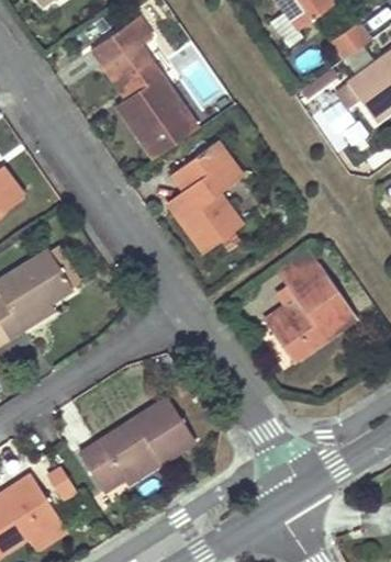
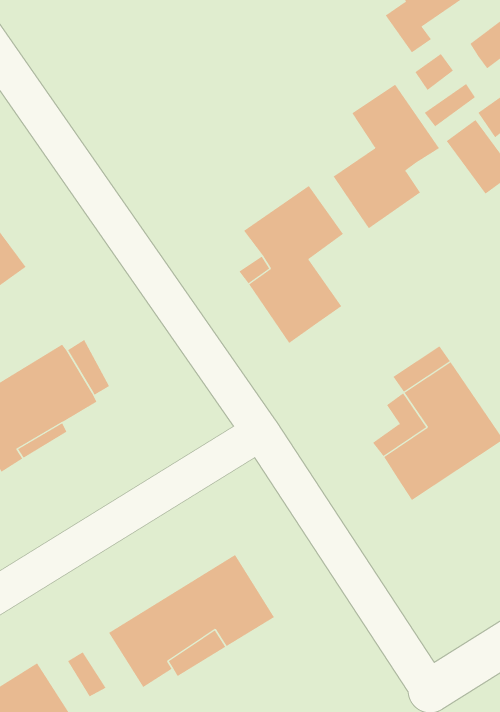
building: [91,18,199,159] -> none
building: none -> [333,84,440,229]

